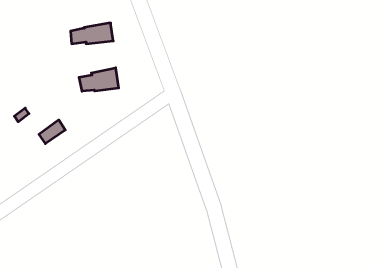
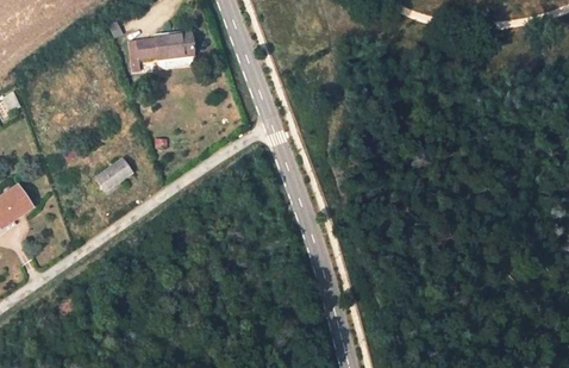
building: [79,68,119,91] -> none

